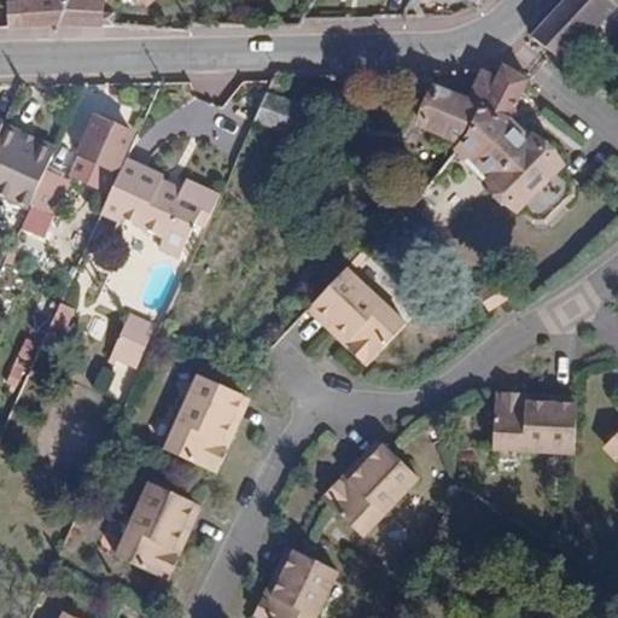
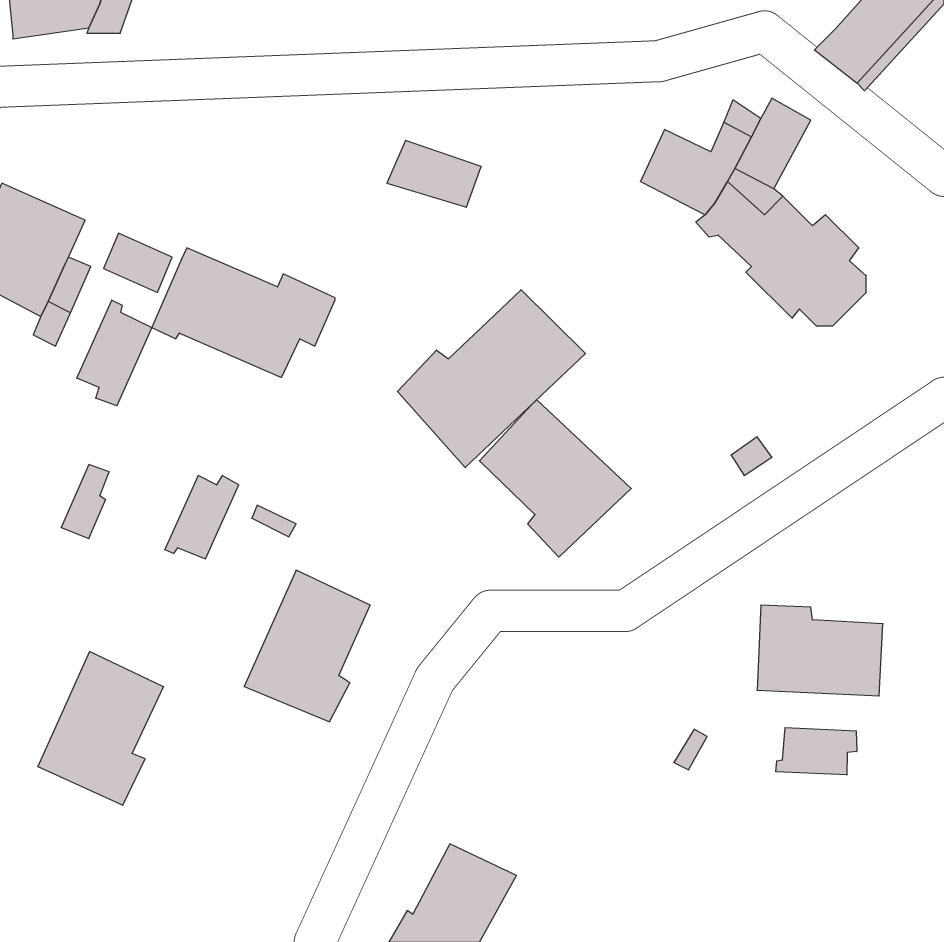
building: [76,112,133,169] -> none
building: none -> [397,290,585,468]
building: none -> [77,300,152,406]
building: [321,445,416,536] -> none
building: none -> [776,728,857,775]
building: [111,479,193,579] -> [38,652,164,805]

